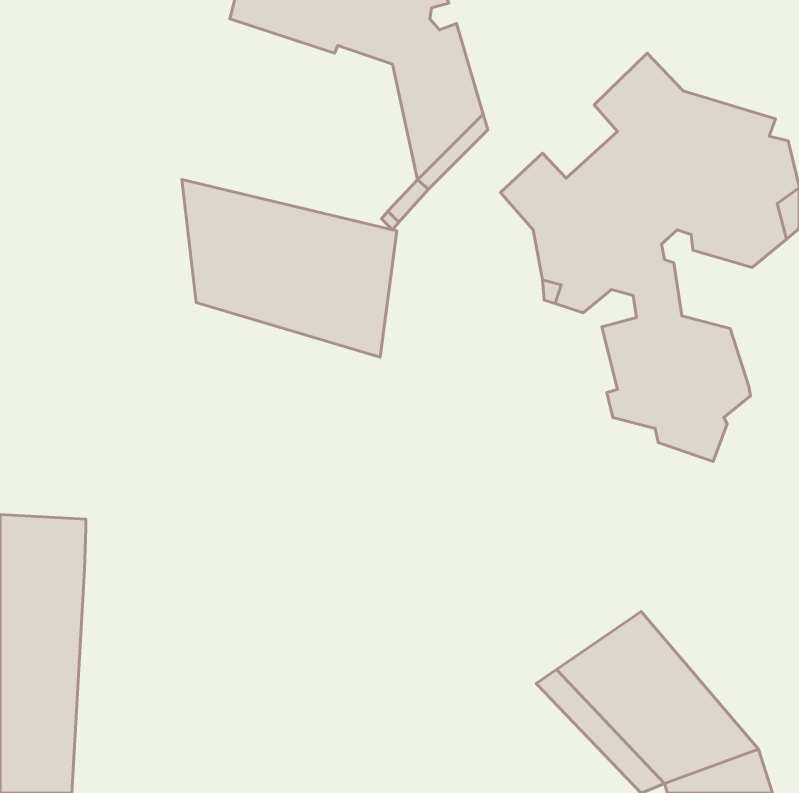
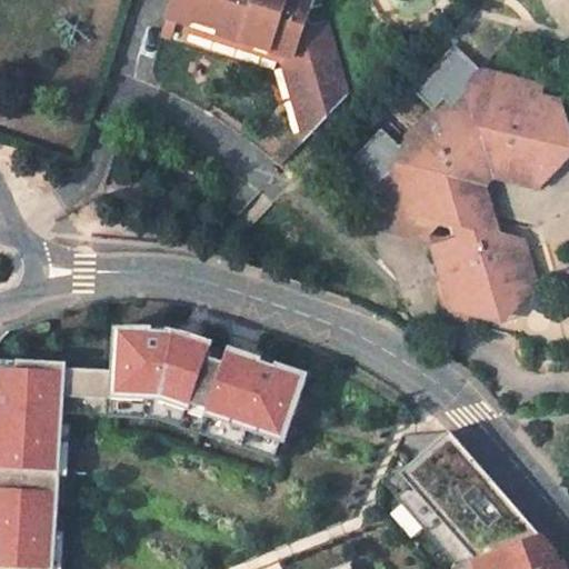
building: [182,180,397,357] -> none
building: none -> [60,335,303,455]

